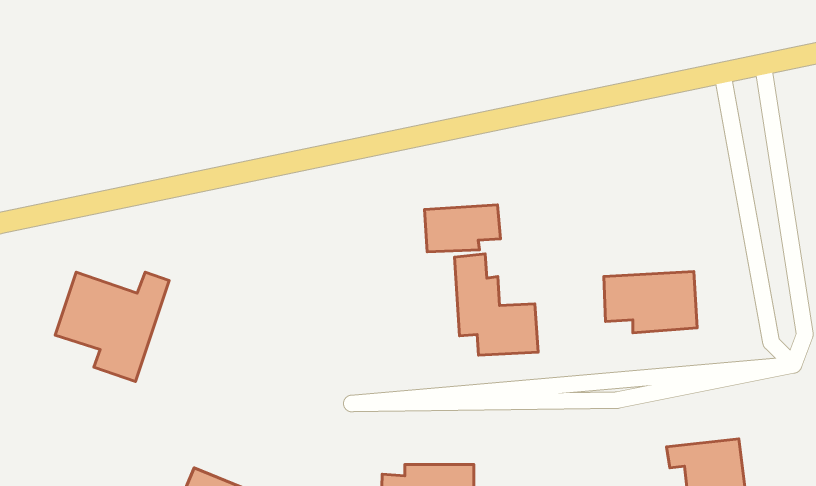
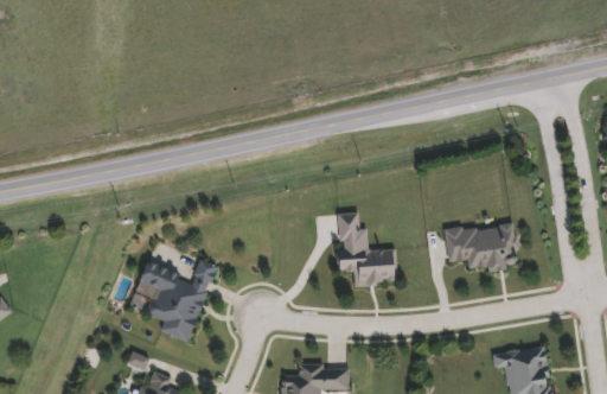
building: [425,205,500,252] -> none
building: [55,272,169,382] -> [130,260,215,341]

